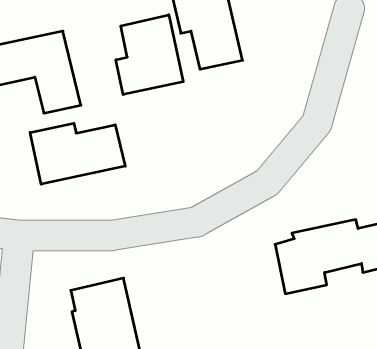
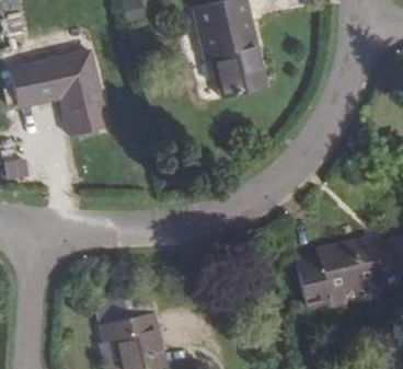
building: [116,15,183,95] -> none
building: [30,123,125,184] -> none

